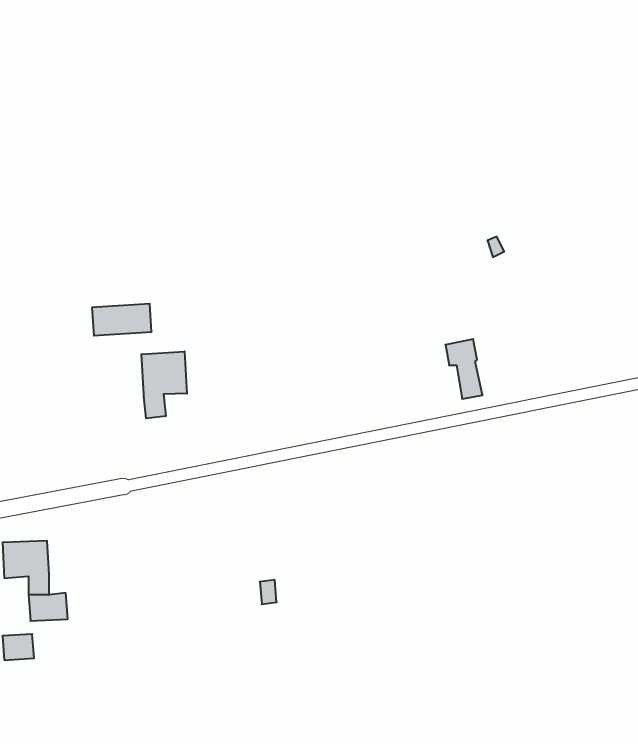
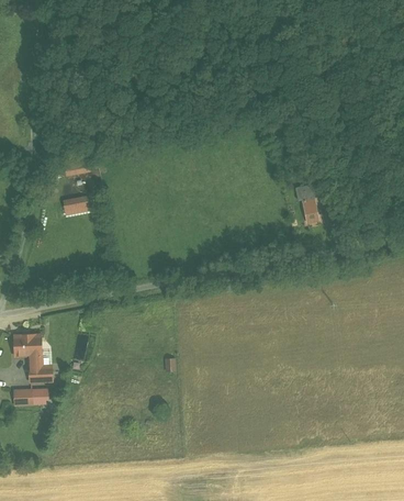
building: [445,339,483,399] -> [295,183,317,219]
building: [142,351,187,418] -> none

